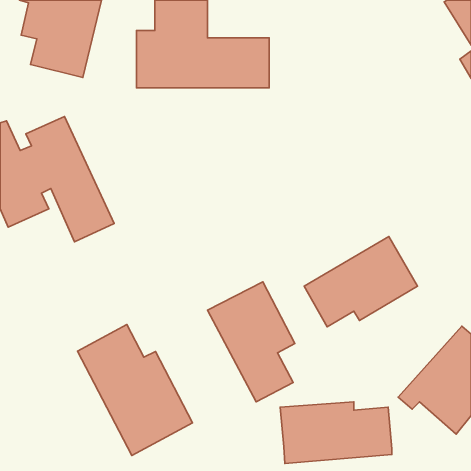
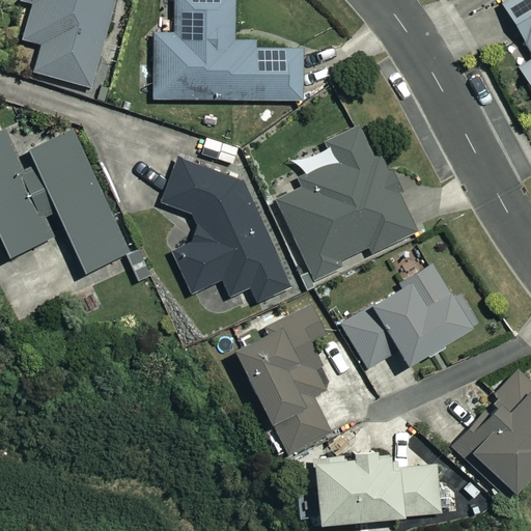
building: none -> [276,122,416,280]
building: none -> [161,159,289,301]
building: [77,325,193,455] -> none

